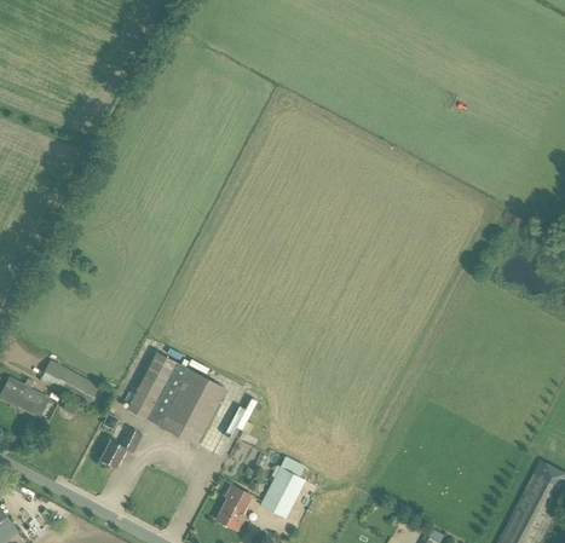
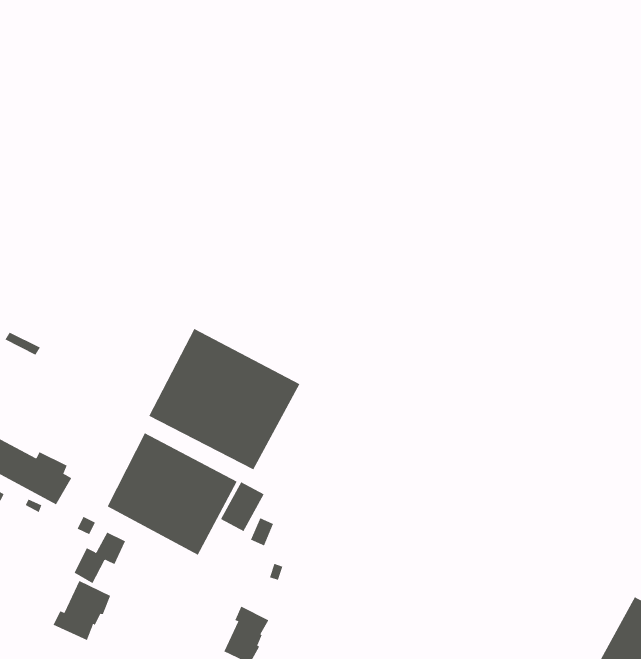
building: none -> [148,328,300,470]
building: none -> [53,580,111,641]
building: [259,467,305,519] -> none

